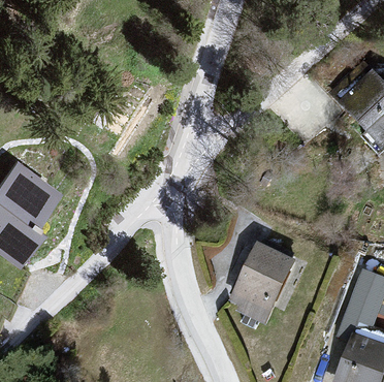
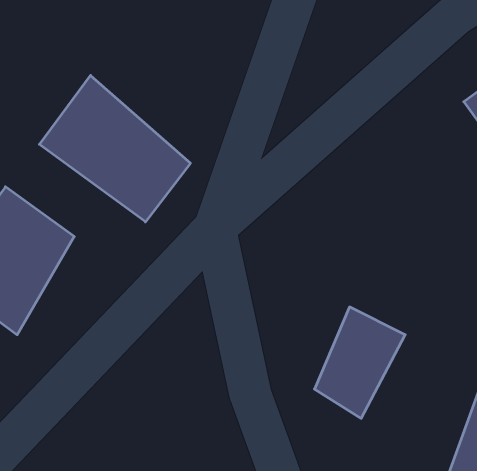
building: none -> [39,75,190,222]

